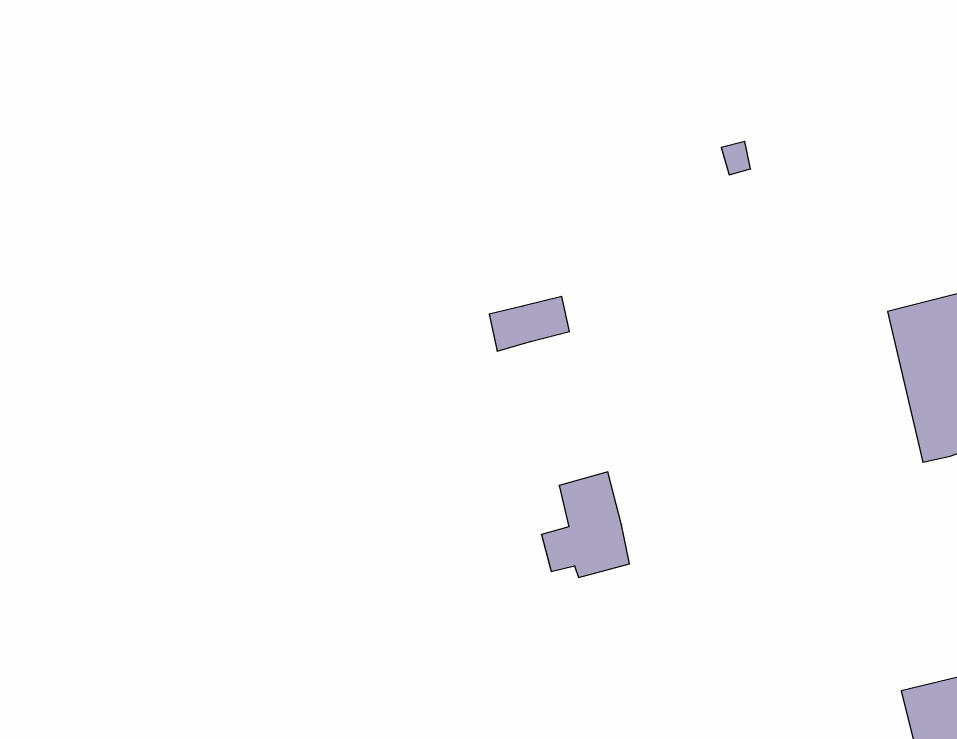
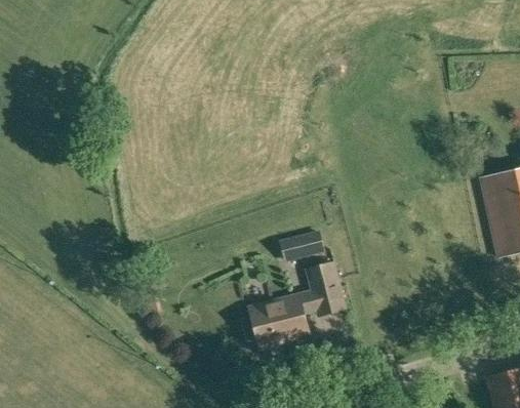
building: [489,296,569,351] -> [281,231,323,259]
building: none -> [240,294,310,348]

